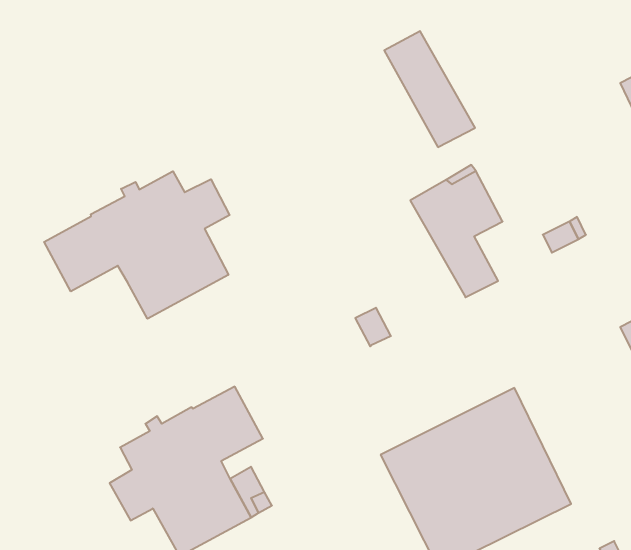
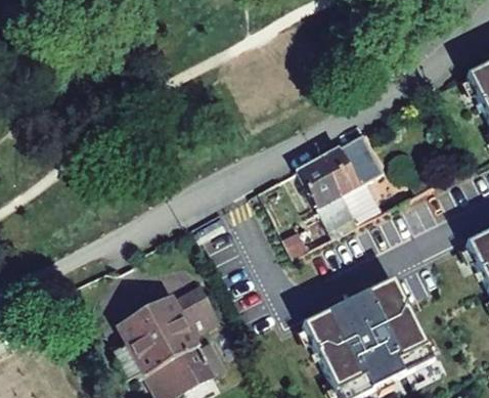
building: [384,31,475,147] -> [297,151,359,231]
building: [44,171,230,319] -> none

